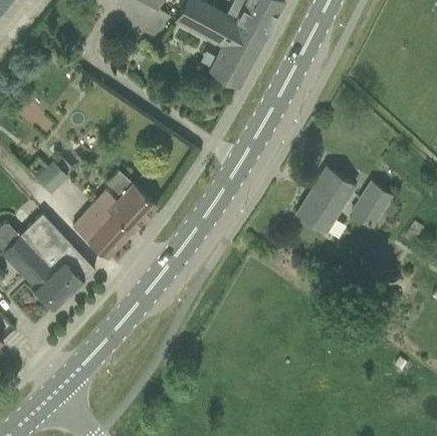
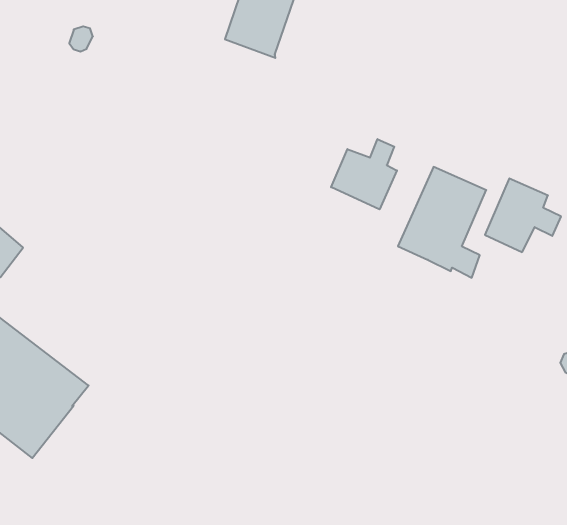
building: none -> [331,139,397,209]
building: [73,169,156,258] -> none

